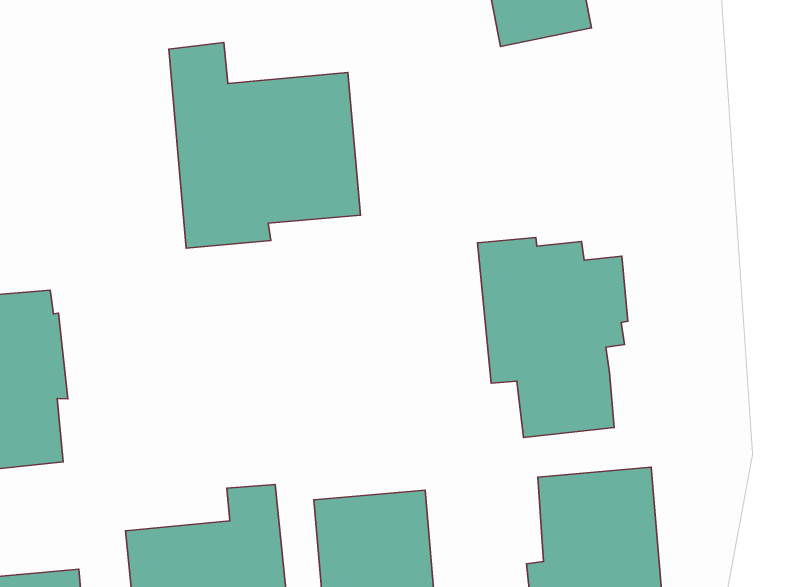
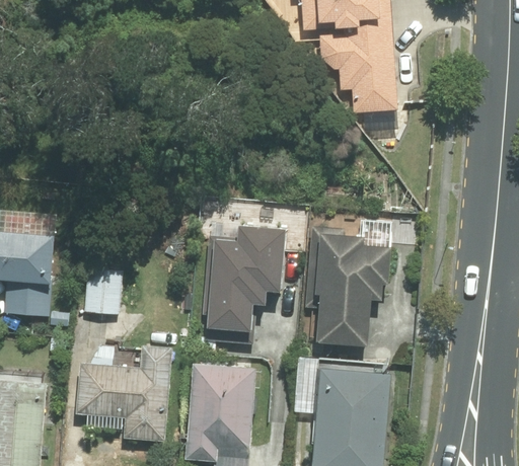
building: [169,43,361,248] -> none
building: none -> [208,223,287,343]
building: none -> [81,268,120,312]

